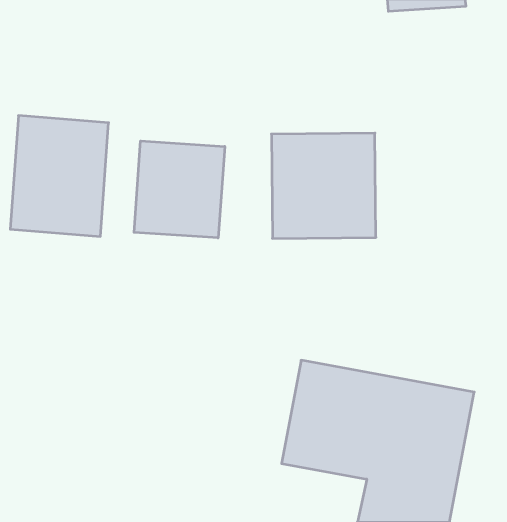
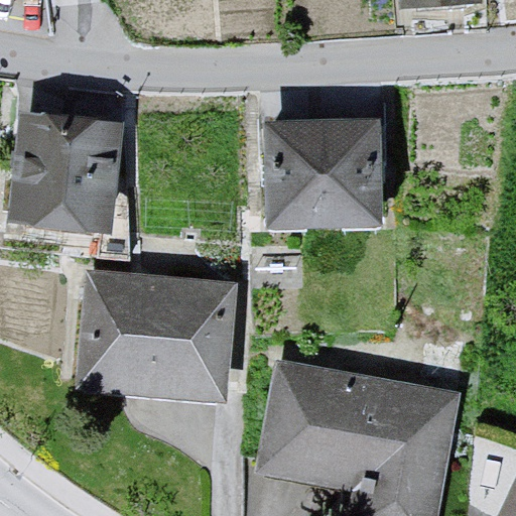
building: [134,141,225,238] -> none
building: none -> [78,273,230,402]

